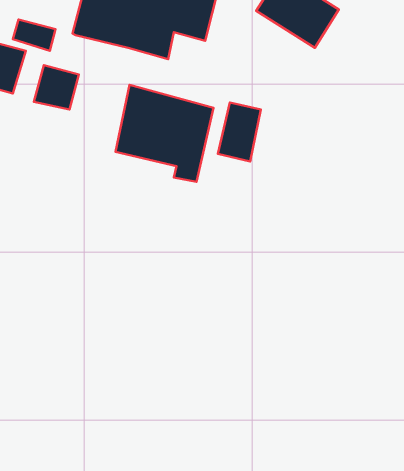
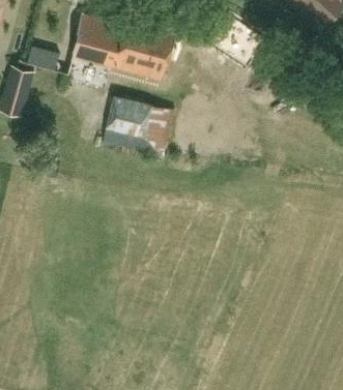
building: [34,65,79,110] -> none
building: [218,103,261,161] -> none

